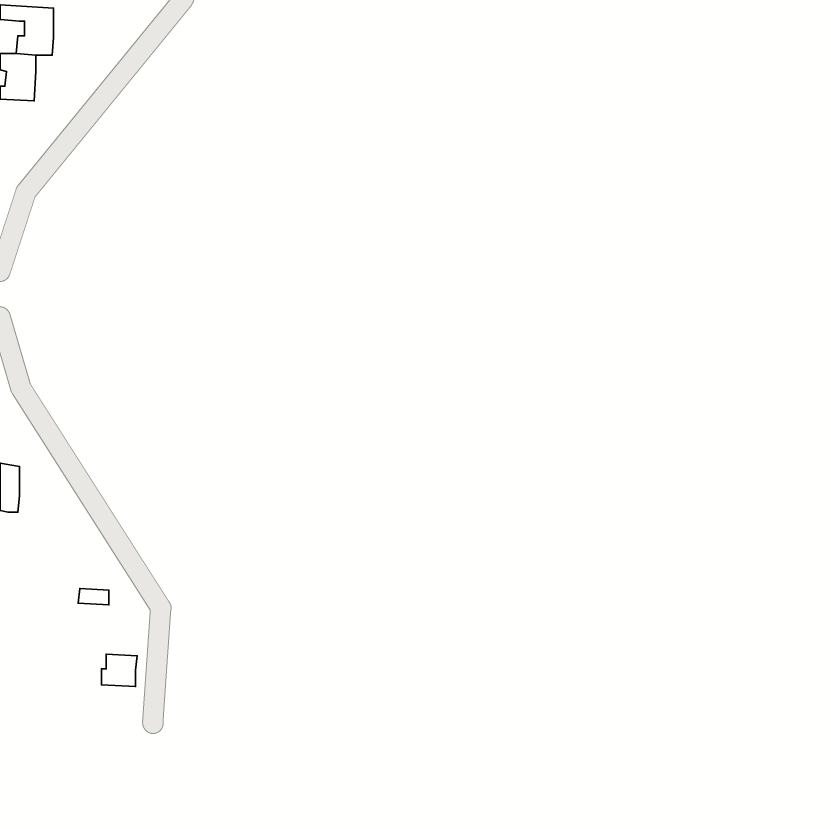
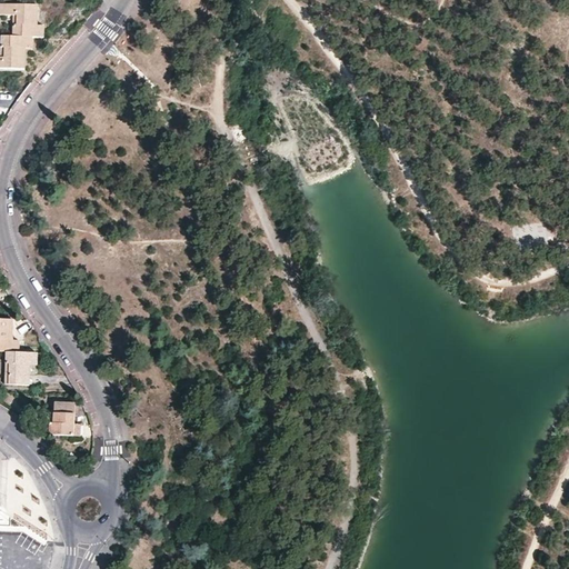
building: none -> [4,350,29,383]
building: [101,654,137,687] -> [50,412,74,435]

